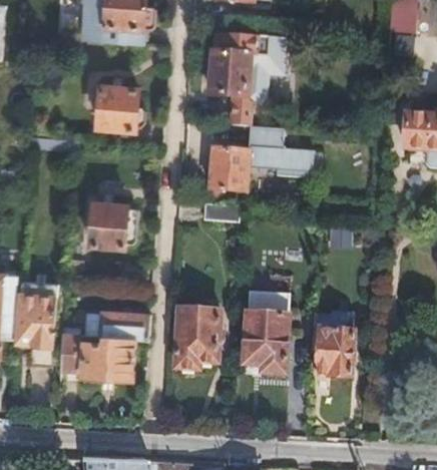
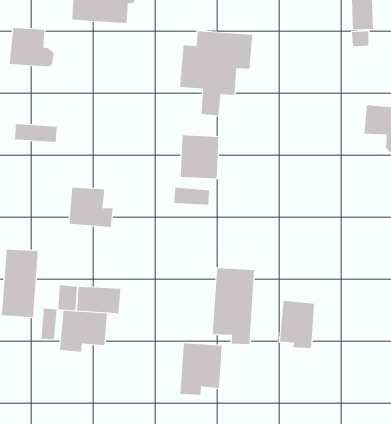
building: [96,86,145,128] -> [9,28,55,67]
building: [250,129,316,178] -> none
building: [171,310,217,366] -> [180,343,223,395]

